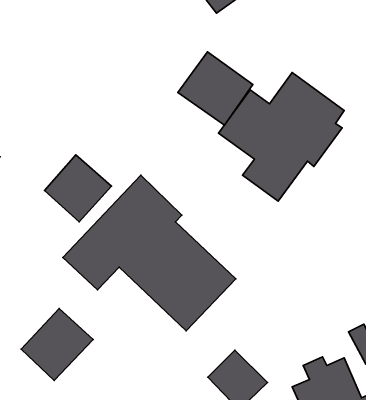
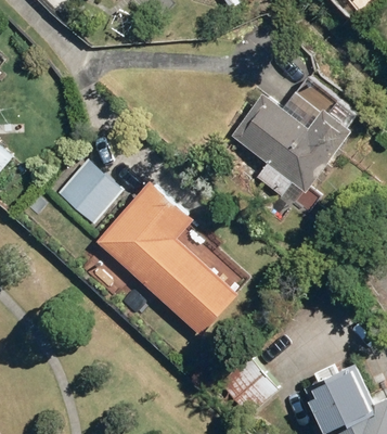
building: [178,52,253,125] -> none
building: [21,308,93,381] -> none

